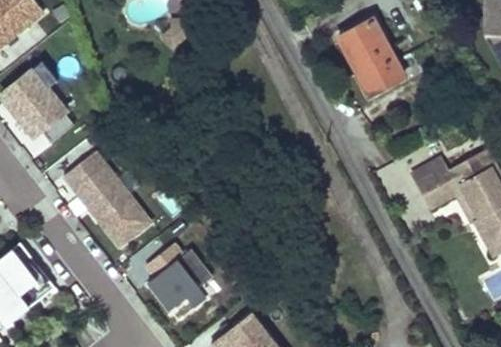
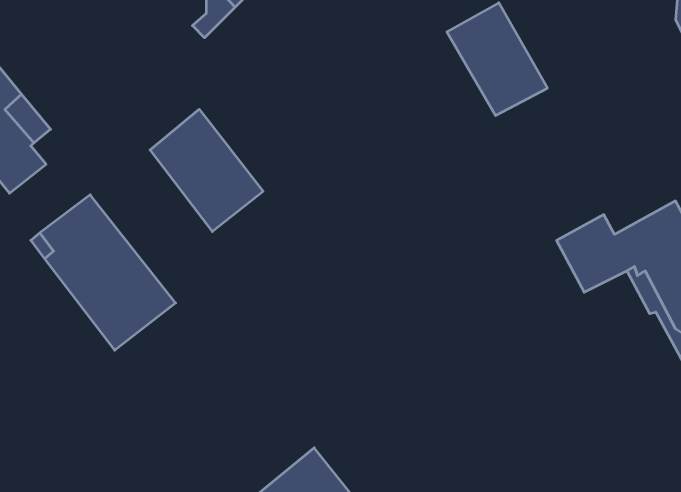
building: none -> [150,109,263,232]
building: [146,243,221,323] -> none

